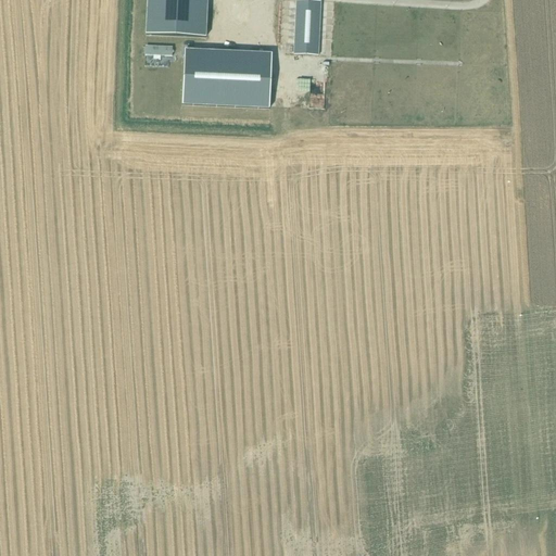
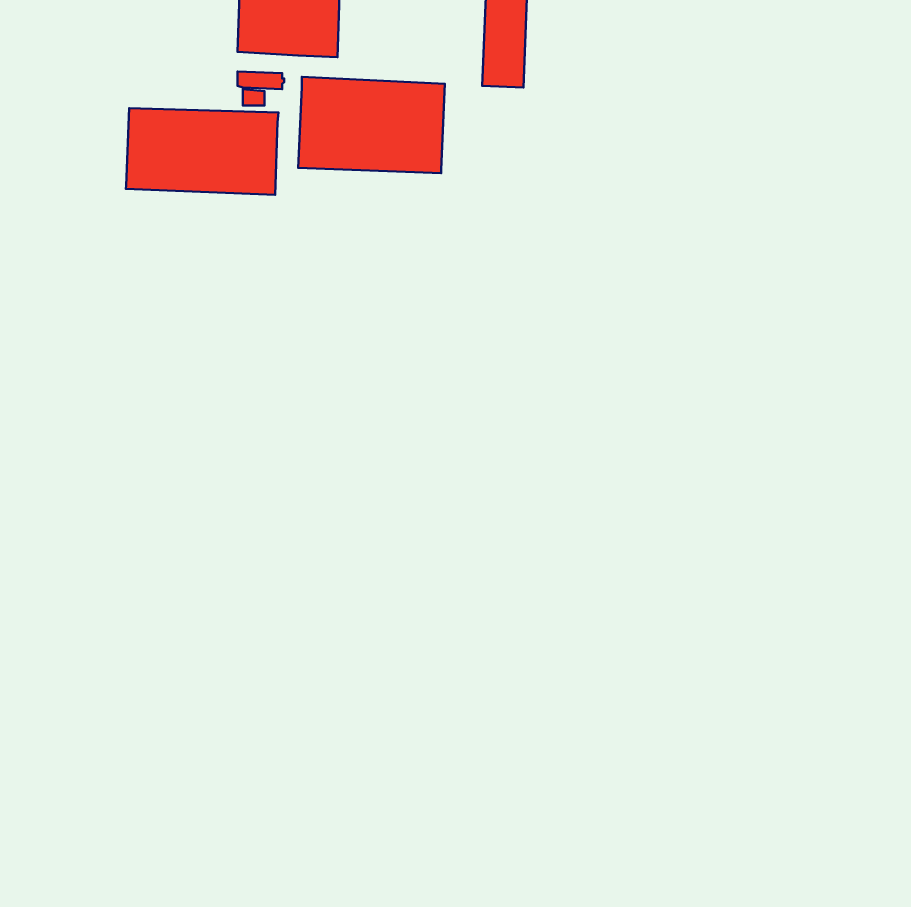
building: none -> [126,108,278,195]

